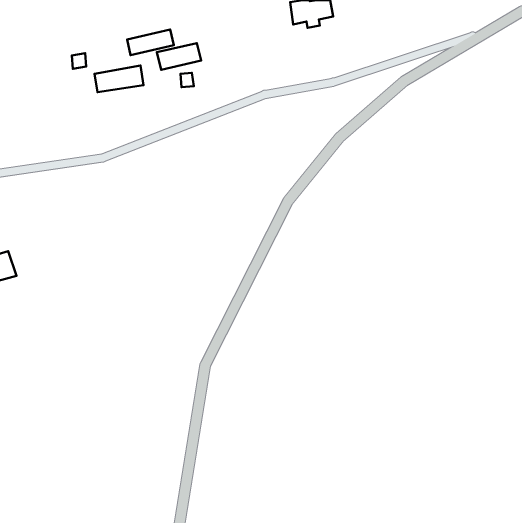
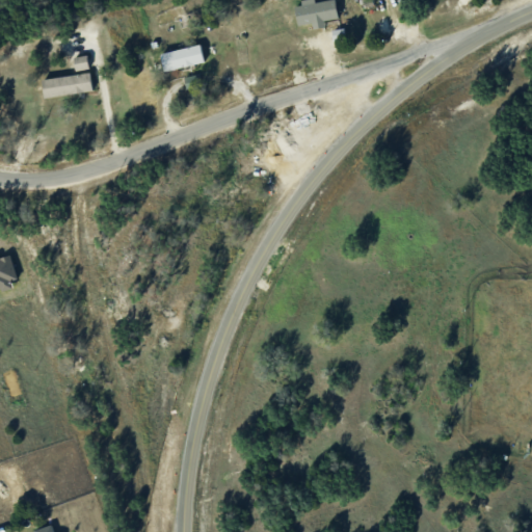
building: [127,29,174,55] -> none
building: [94,66,144,92] -> [42,72,91,99]

